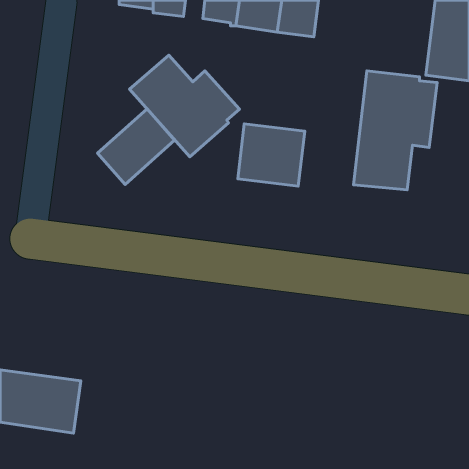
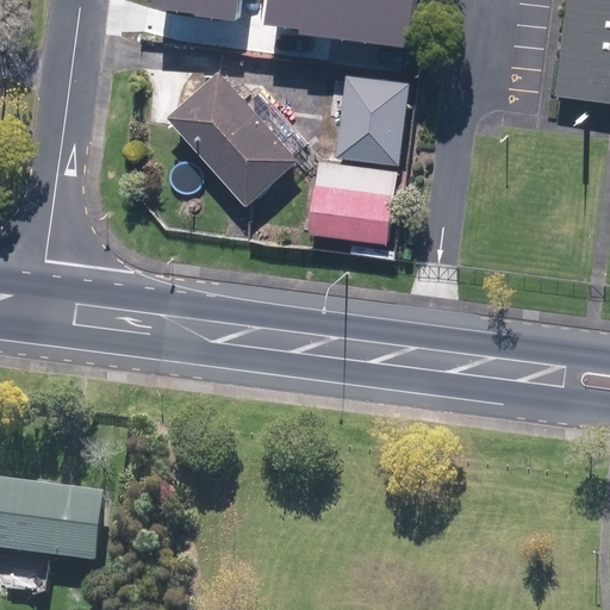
building: none -> [336,76,409,166]
building: [354,71,437,190] -> none
building: [98,109,175,184] -> none

